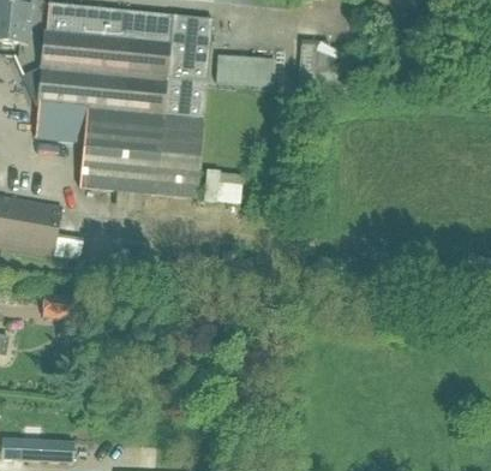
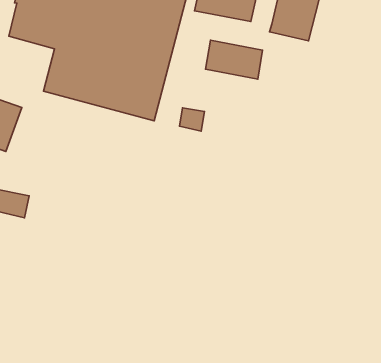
building: none -> [206,40,263,79]

